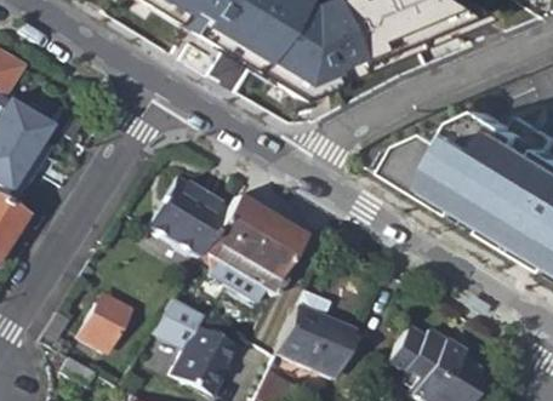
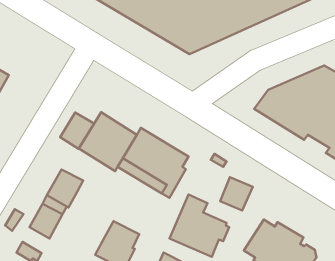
building: none -> [60,112,94,149]
building: none -> [220,177,253,210]
building: [156,299,207,353] -> [47,169,83,207]

